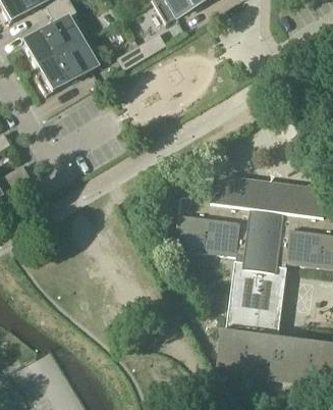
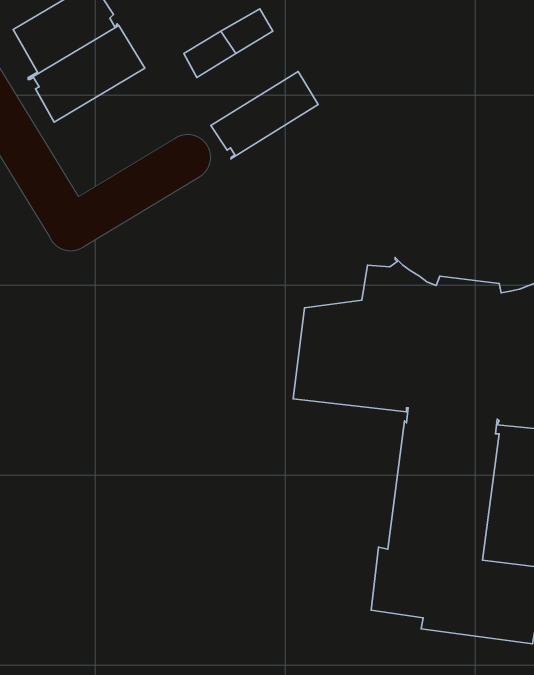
building: none -> [211,72,318,159]

